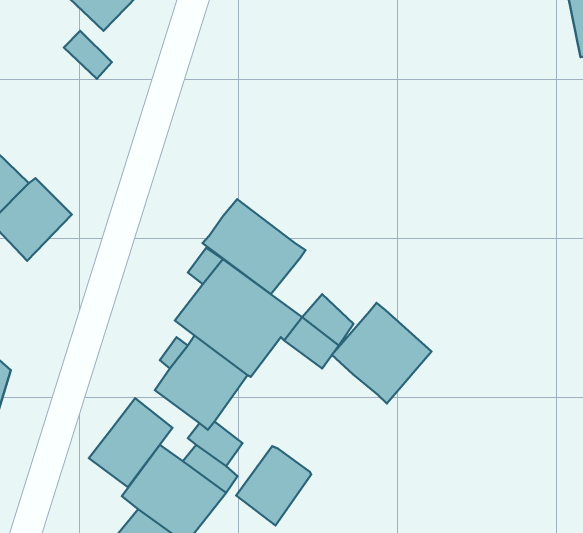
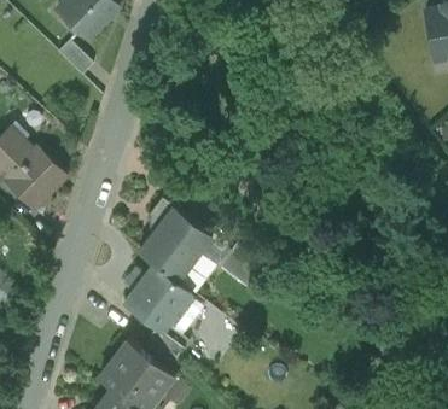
building: [203,199,305,294] -> none
building: [332,303,432,403] -> none
building: [89,398,173,487] -> none
building: [236,446,311,526] -> none

